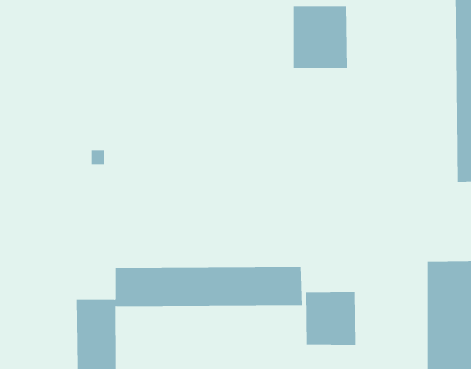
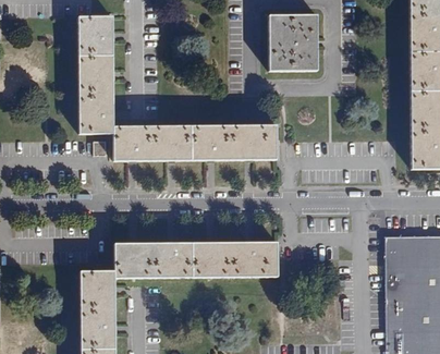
building: none -> [78,17,277,161]
building: [305,291,356,346] -> none

